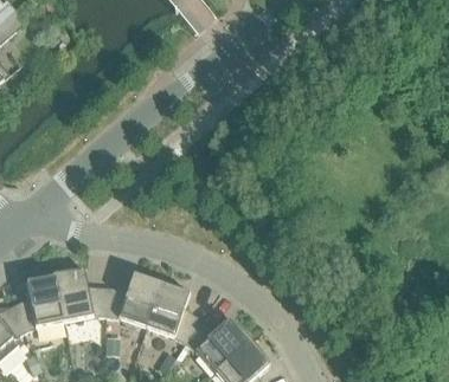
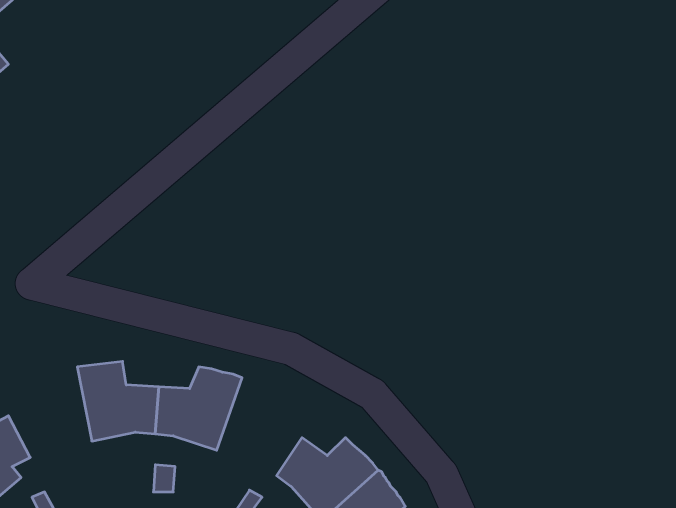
building: [9,273,64,332] -> none
building: [146,280,201,344] -> none

